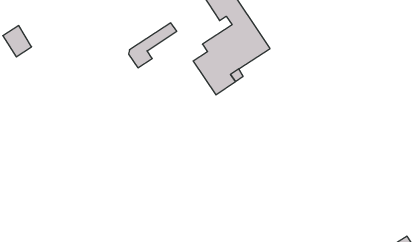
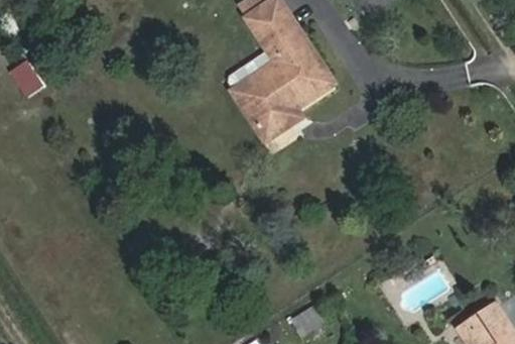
building: [129,23,177,68] -> [230,45,287,99]

